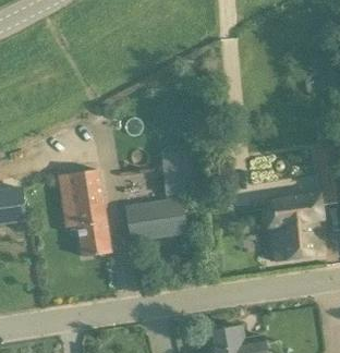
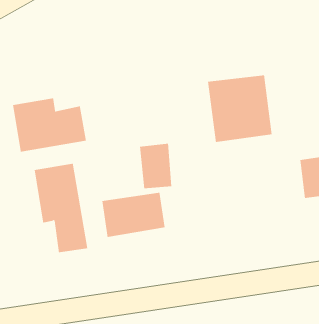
building: none -> [12,98,87,152]
building: [263,193,327,259] -> [207,75,273,142]

